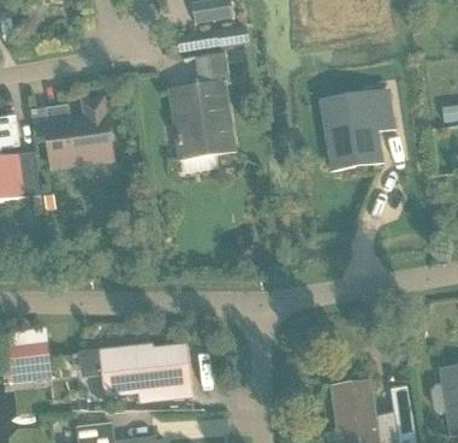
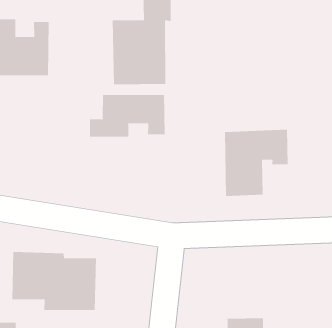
building: [321,89,393,169] -> [224,129,289,196]
building: none -> [89,94,165,138]

